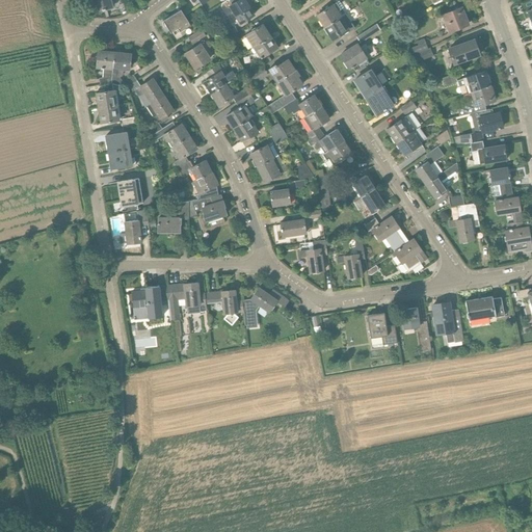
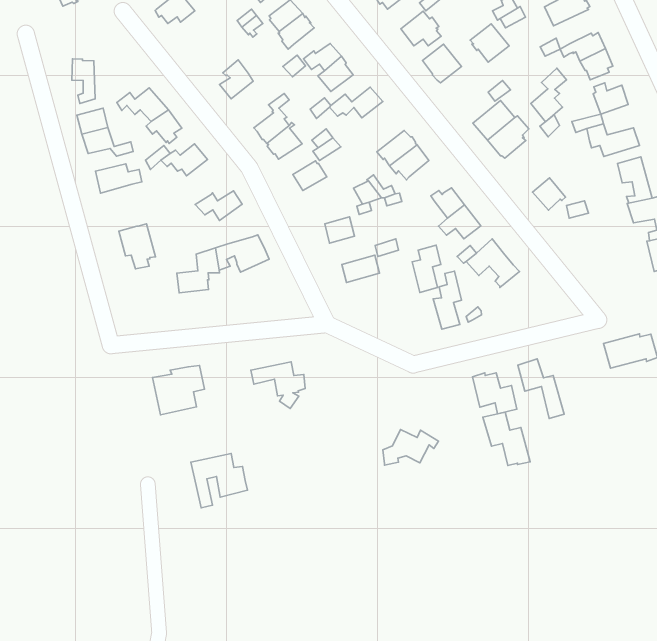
building: [186,28,211,68] -> none
building: [111,52,137,86] -> none
building: [211,80,250,105] -> none
building: [366,86,394,114] -> [470,24,509,62]
building: [303,106,329,138] -> none
building: [172,135,197,167] -> none
building: [416,145,444,184] -> [531,68,567,122]
building: [108,148,134,167] -> none
building: [257,155,288,179] -> none
building: [192,170,217,198] -> none
building: [124,209,149,243] -> none
building: [456,209,477,242] -> none
building: [394,238,427,268] -> none
building: [307,239,327,272] -> [412,245,441,292]
building: [167,283,207,320] -> [191,454,248,508]
building: [243,287,285,313] -> [383,429,439,465]
building: [432,302,463,342] -> [483,412,530,466]

